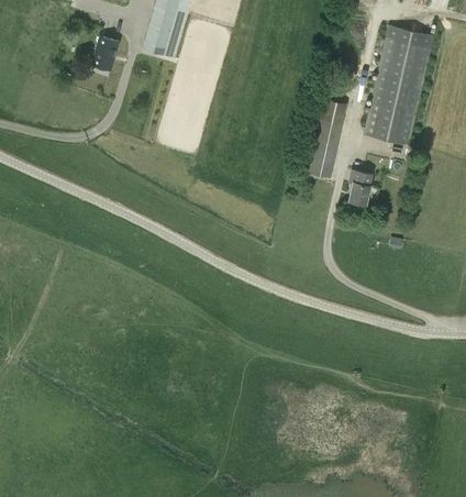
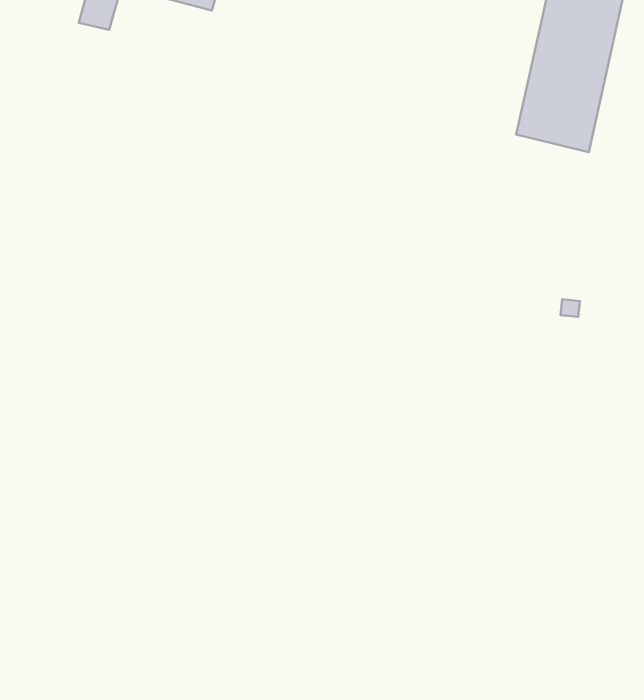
building: [310,99,347,177] -> none
building: [350,169,373,205] -> none

